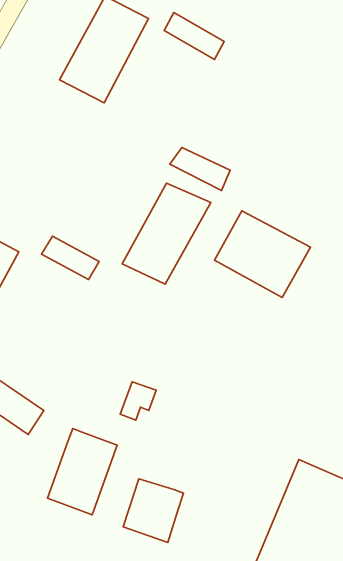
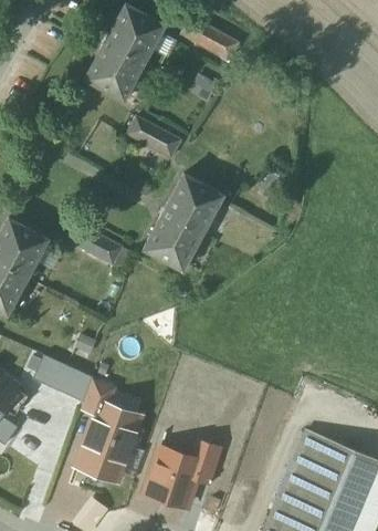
building: [170,147,230,191] -> [126,118,181,158]
building: [214,211,310,298] -> none
building: [120,382,156,420] -> [80,377,113,413]
building: none -> [191,439,221,483]

